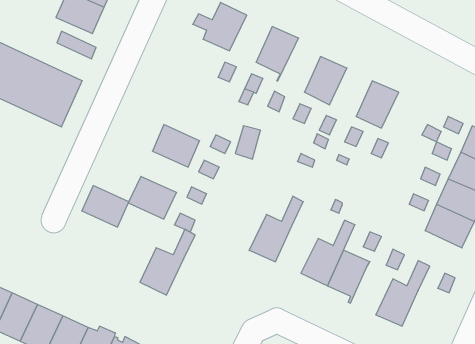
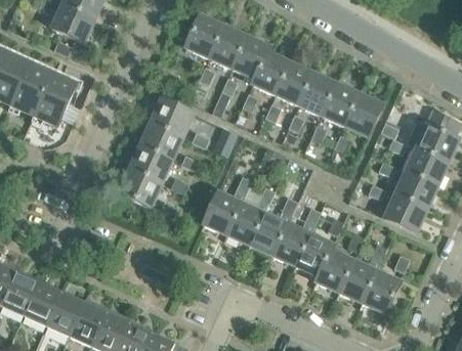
building: none -> [209,26,247,68]
building: none -> [252,52,290,94]
building: none -> [298,73,336,116]
building: none -> [344,94,382,137]
building: none -> [151,99,194,137]
building: [82,186,129,227] -> [130,146,172,183]
building: none -> [250,196,298,255]
building: [140,229,195,295] -> [203,176,252,234]
building: none -> [317,250,354,292]
building: none -> [363,270,401,313]

